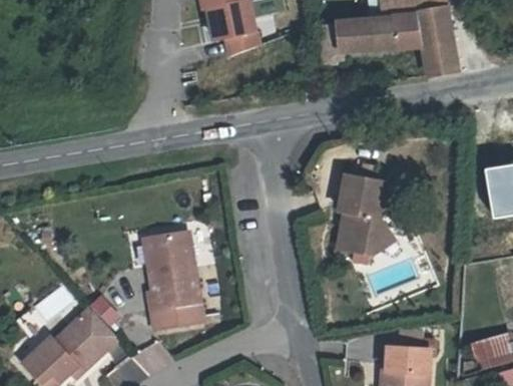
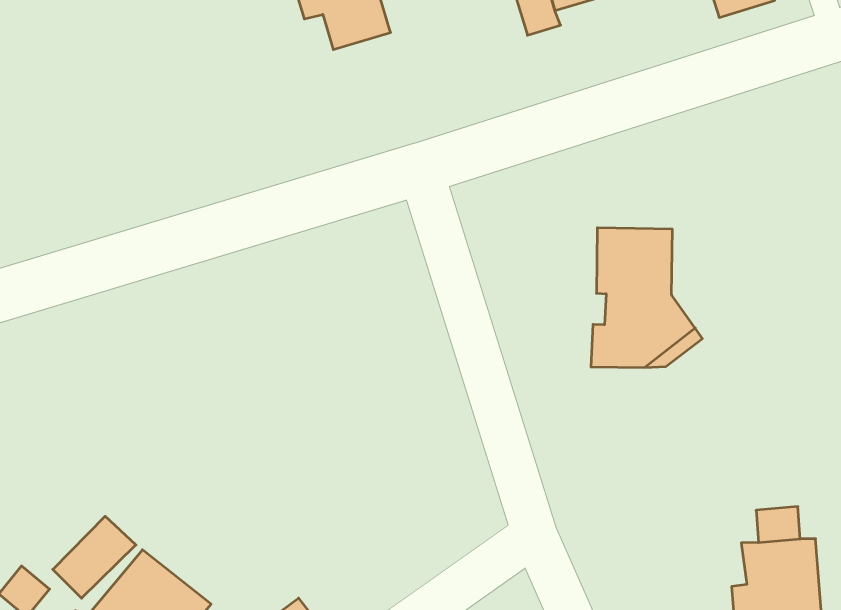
building: [150,233,203,330] -> none

